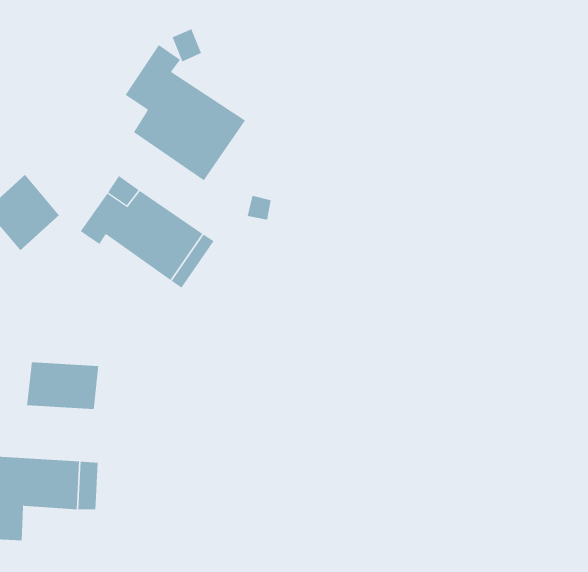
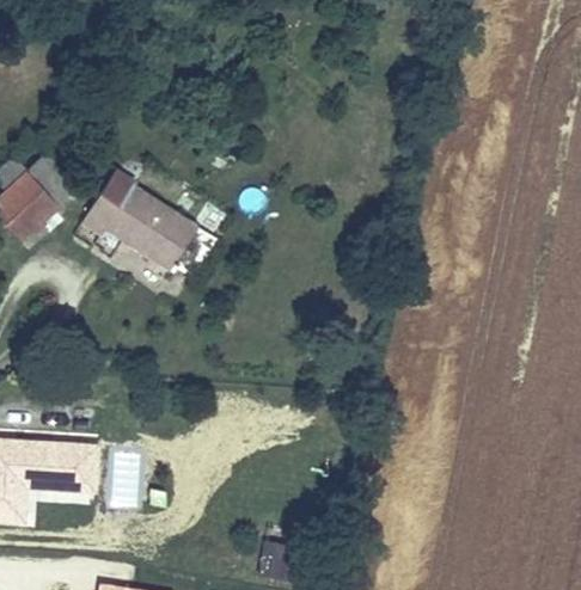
building: [125,44,246,181] -> none
building: [27,361,99,410] -> none

